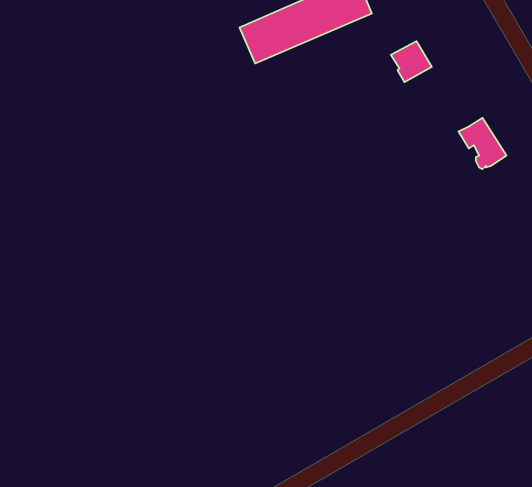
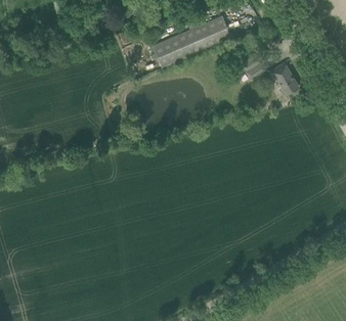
building: [459,118,507,169] -> [270,62,299,93]

